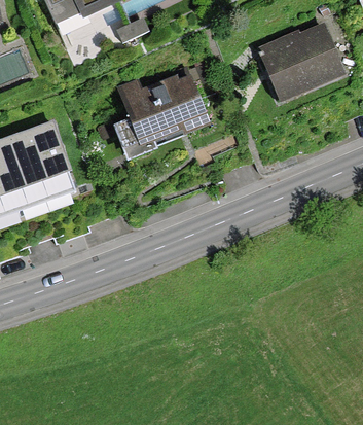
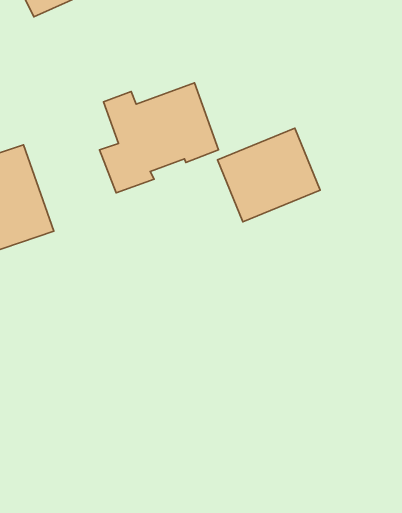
building: [258,27,341,103] -> [218,128,320,222]

